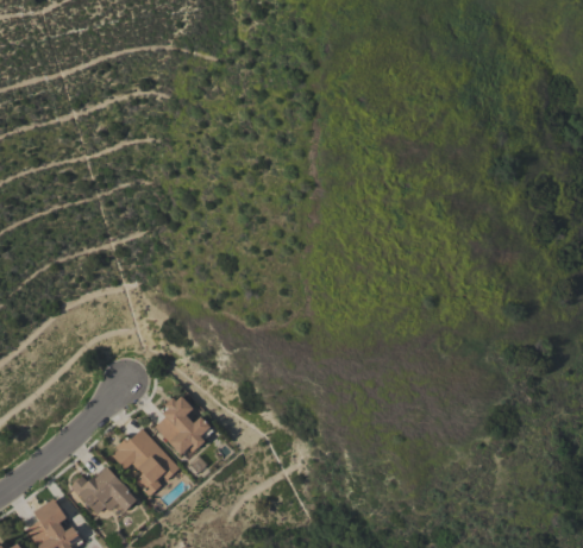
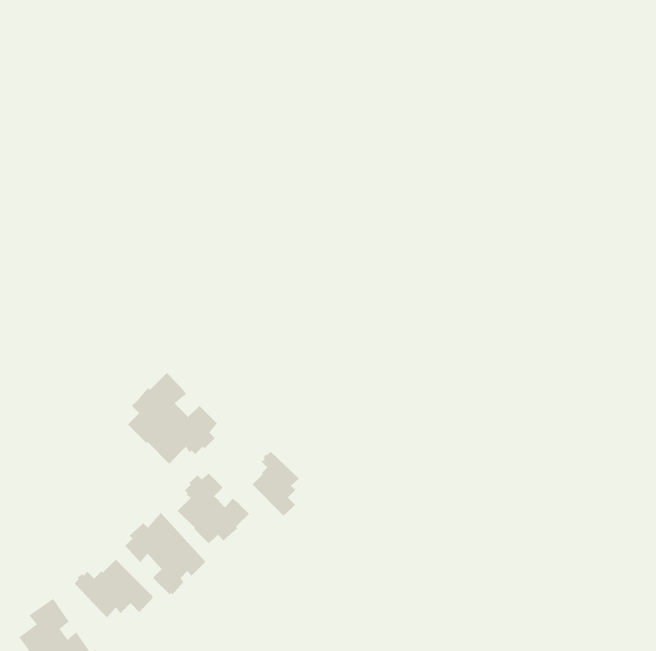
building: none -> [127,372,218,464]
building: none -> [252,451,300,516]

